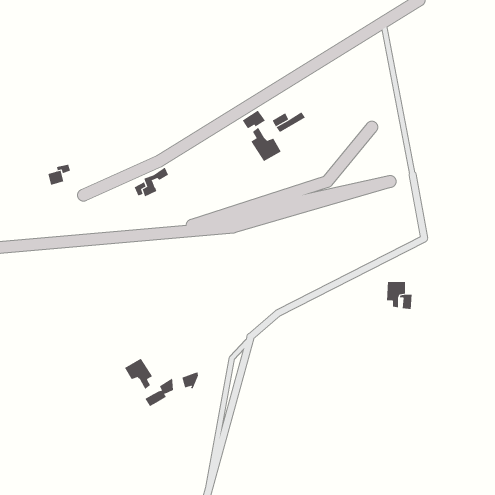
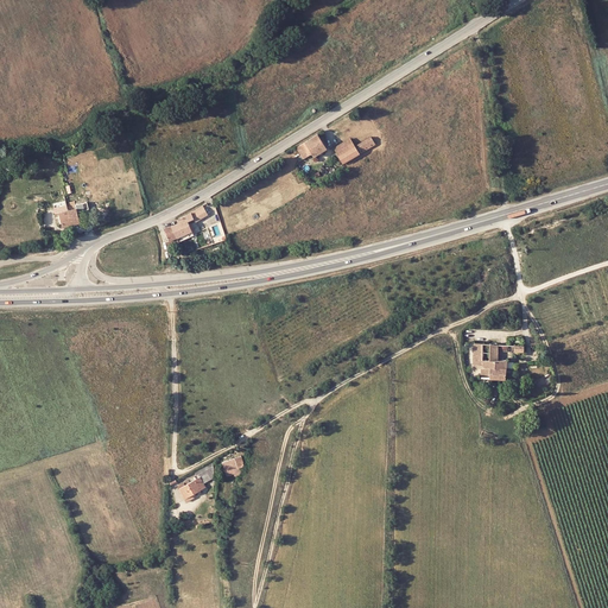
building: [250,127,282,162] -> none
building: [124,358,153,390] -> none

